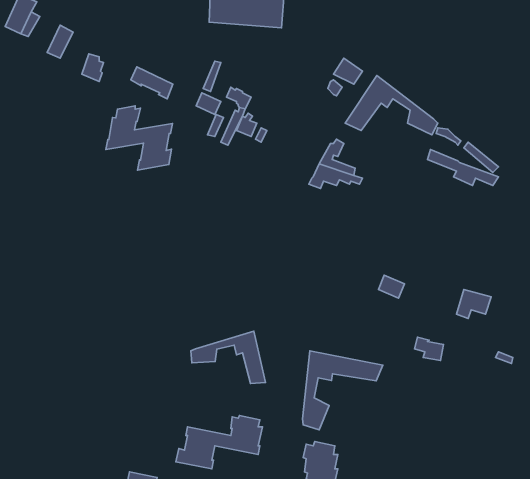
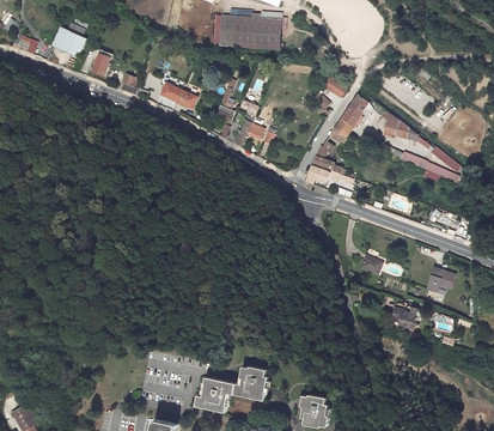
building: [106,106,172,170] -> none
building: [191,331,266,383] -> none
building: [303,351,383,430] -> none

